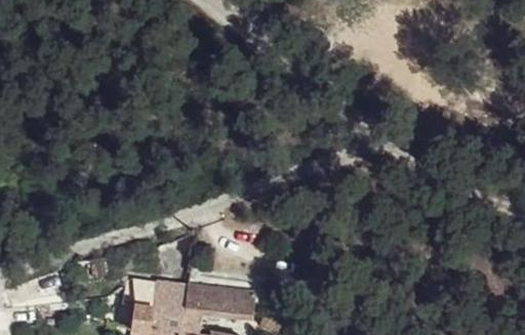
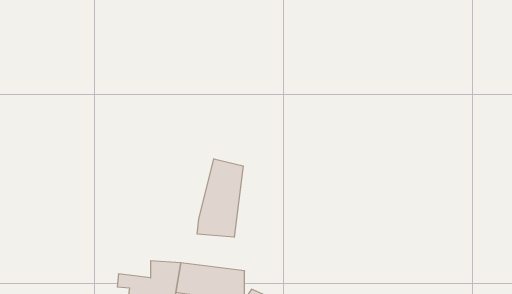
building: none -> [197,159,243,237]

